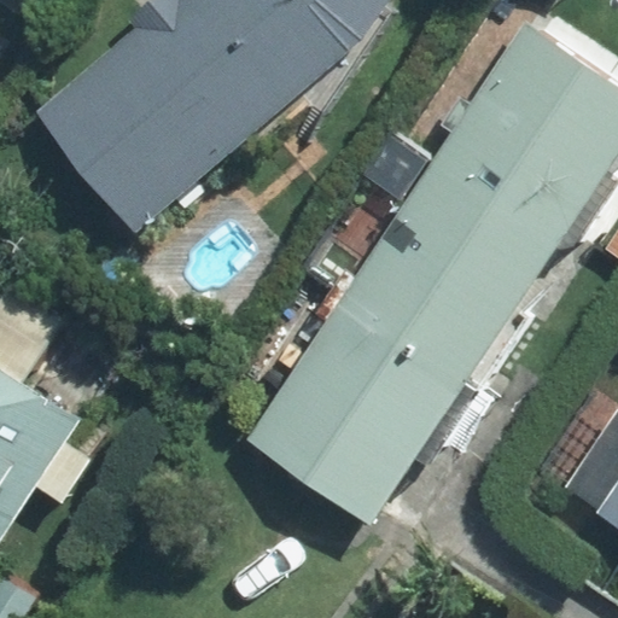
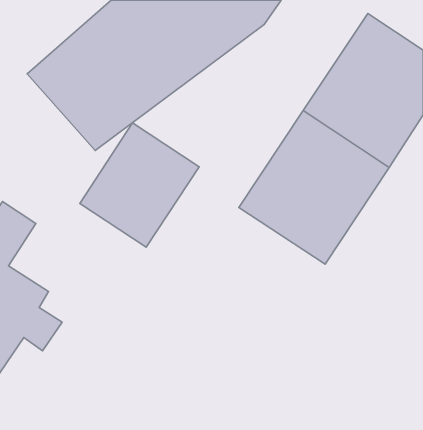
building: none -> [80,123,199,247]
building: [249,301,462,519] -> none

